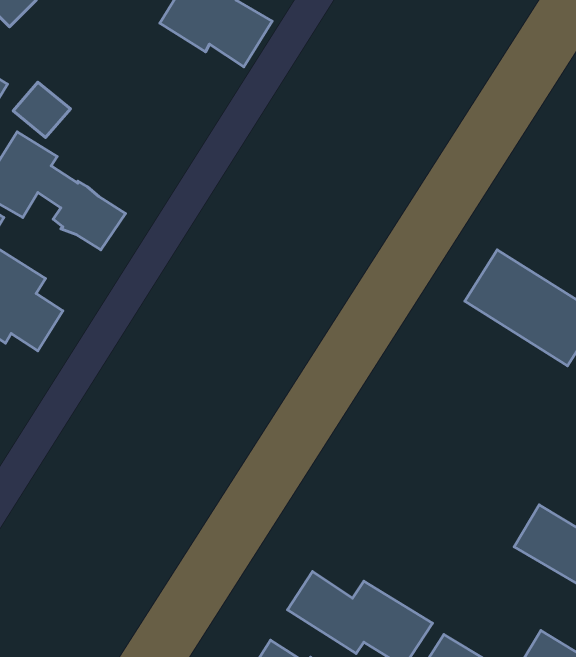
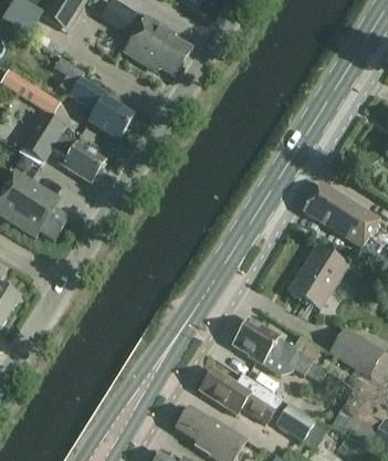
building: none -> [69,74,134,137]
building: none -> [287,245,349,311]
building: none -> [232,317,321,375]

